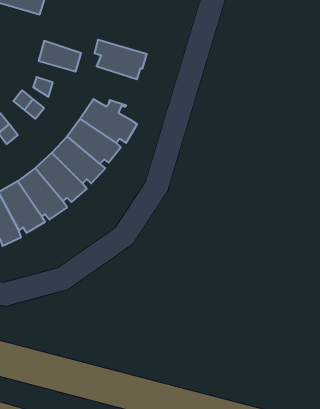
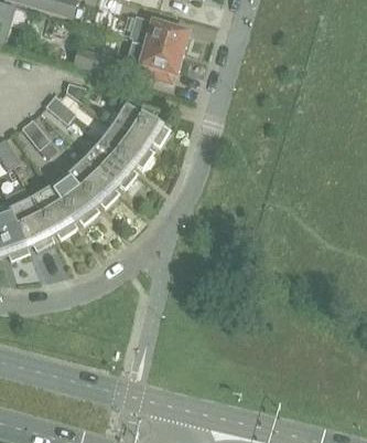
building: none -> [130,15,188,57]

